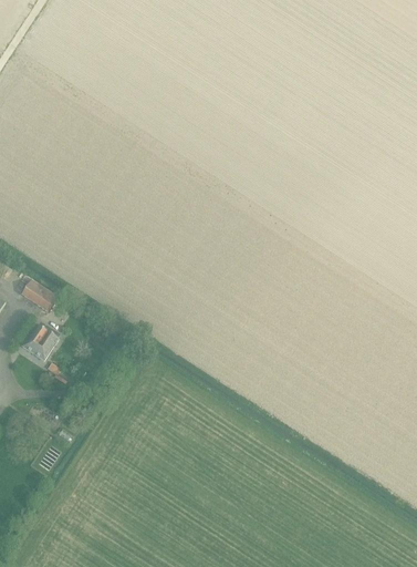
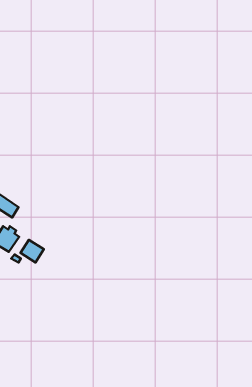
building: none -> [20,240,44,263]

